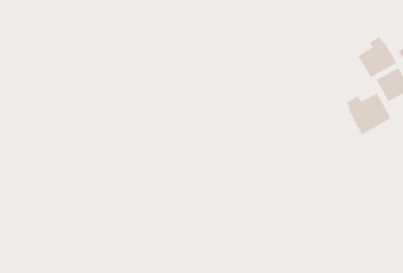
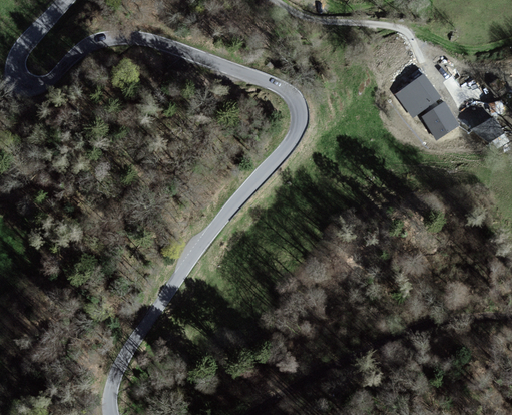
building: [346,93,391,135] -> none

